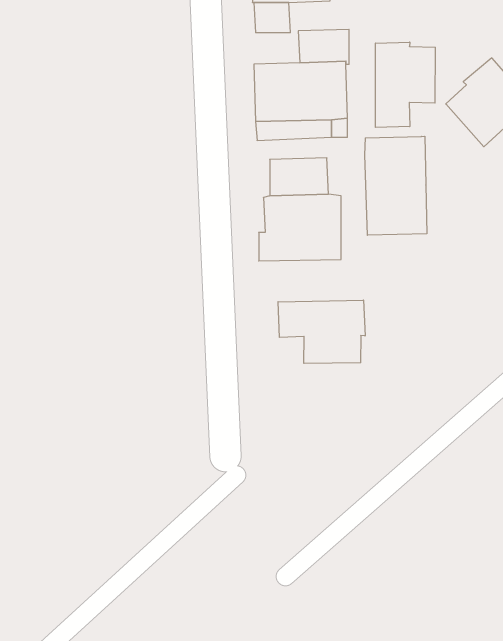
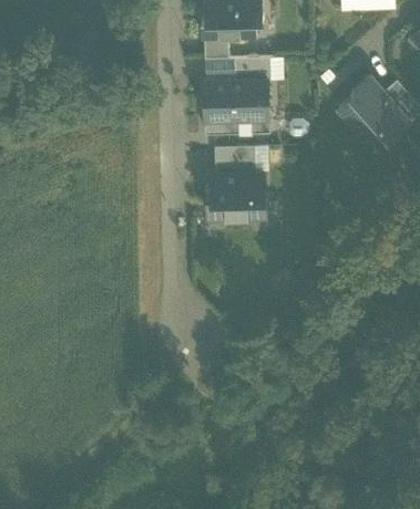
building: [376,42,435,127] -> none
building: [365,136,427,235] -> none
building: [278,300,365,363] -> none

